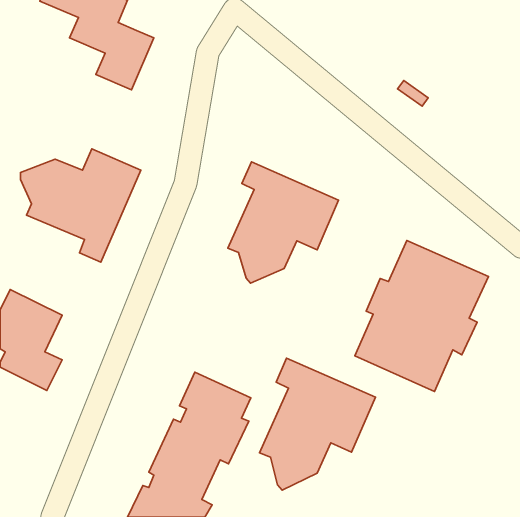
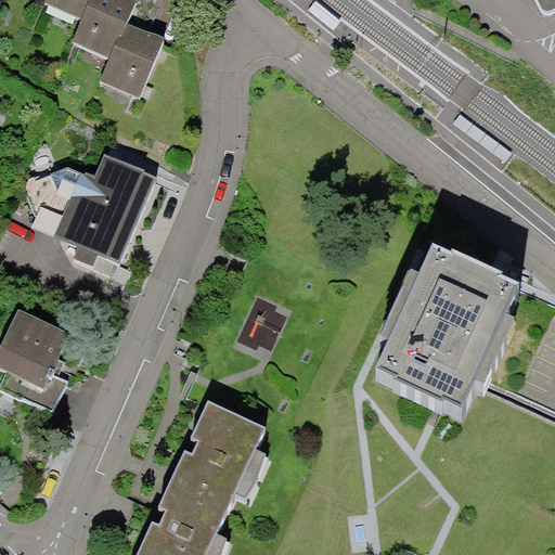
building: [228,162,339,283] -> none
building: [260,358,375,490] -> none

